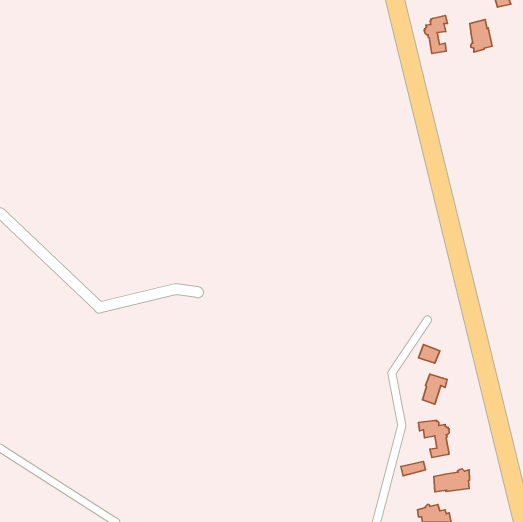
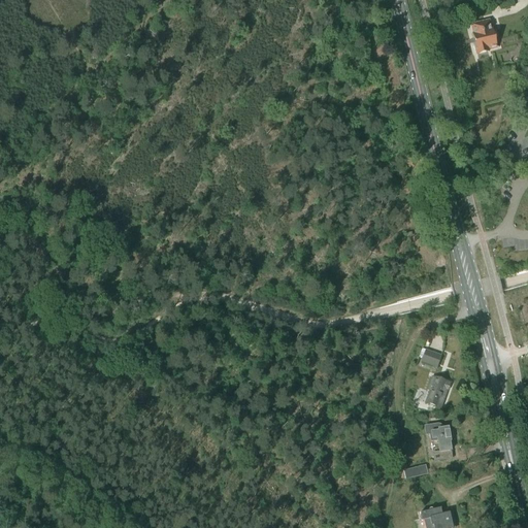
building: [424,16,447,54] -> none
building: [434,469,470,492] -> none

